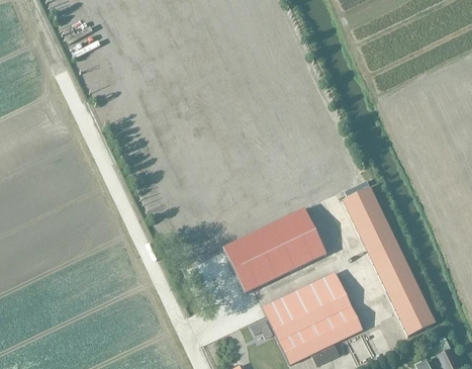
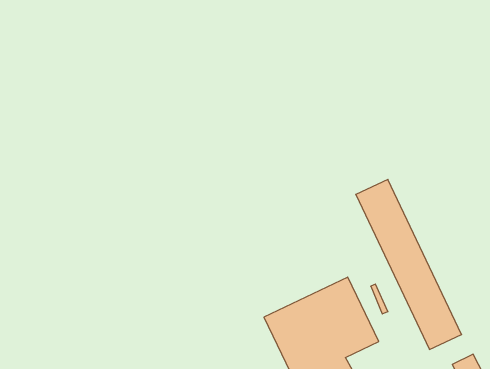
building: [222,207,326,292] -> none

